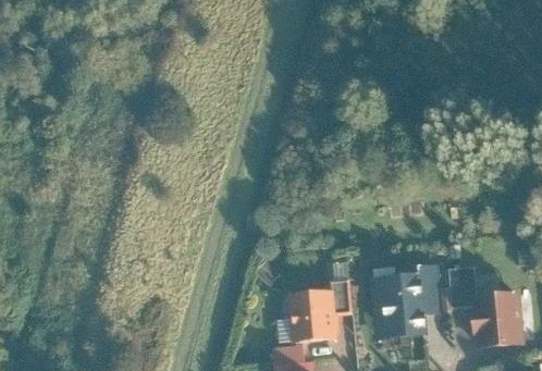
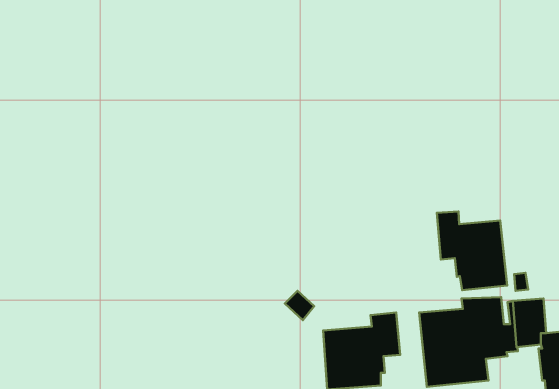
building: none -> [437,211,507,290]

